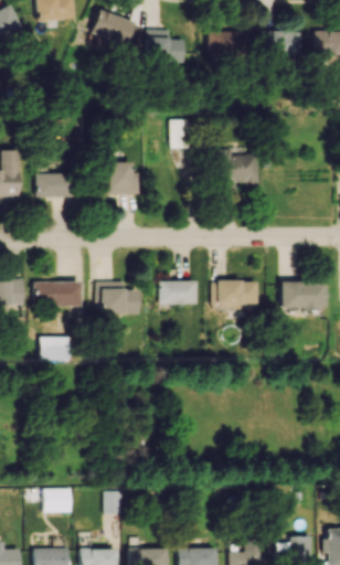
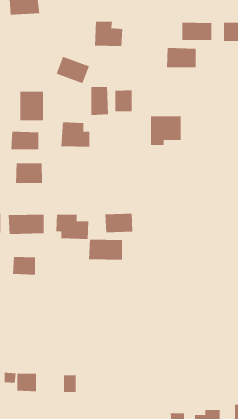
building: [91,10,135,46] -> [56,56,90,84]
building: [206,31,246,57] -> [166,48,197,68]
building: none -> [91,86,108,116]
building: none -> [20,91,44,121]
building: none -> [15,162,42,184]
building: [212,280,257,308] -> [88,239,123,260]
building: [280,281,325,309] -> none

